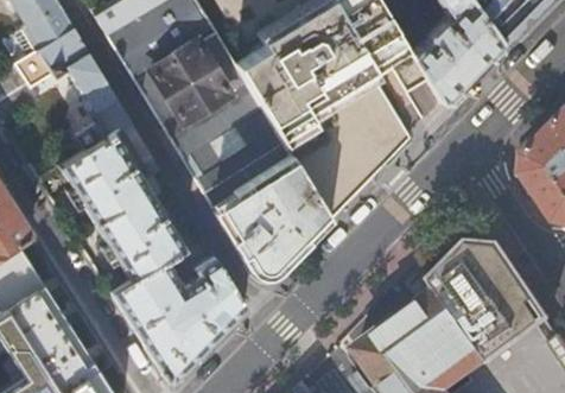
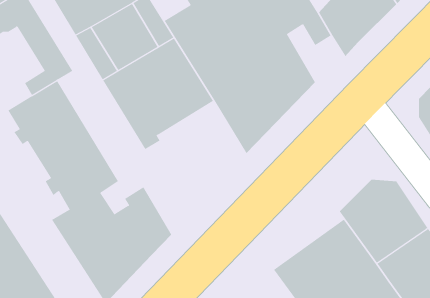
building: [214,154,331,273] -> none

